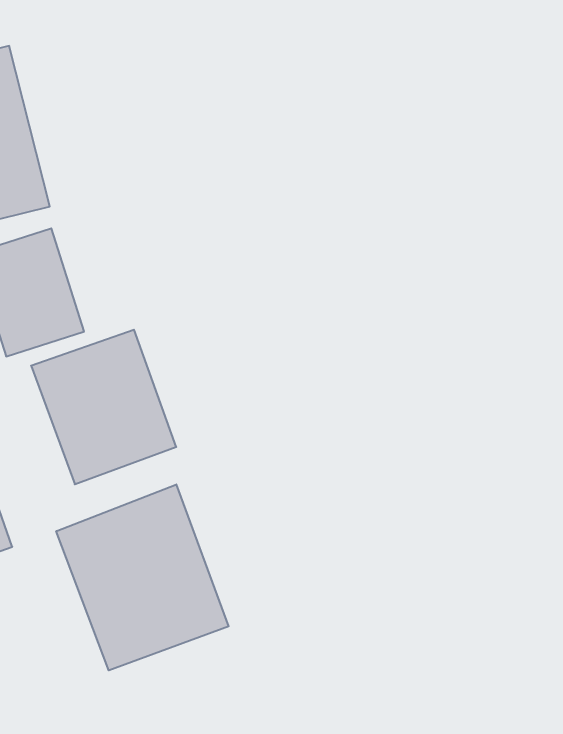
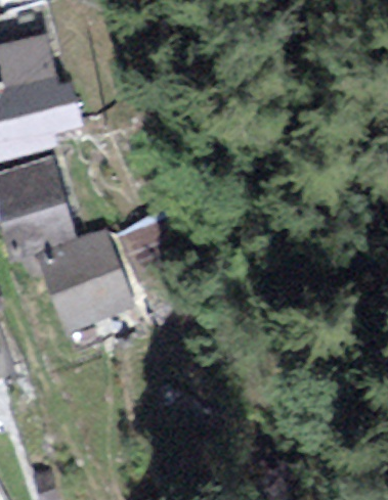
building: [56,484,229,670] -> none

